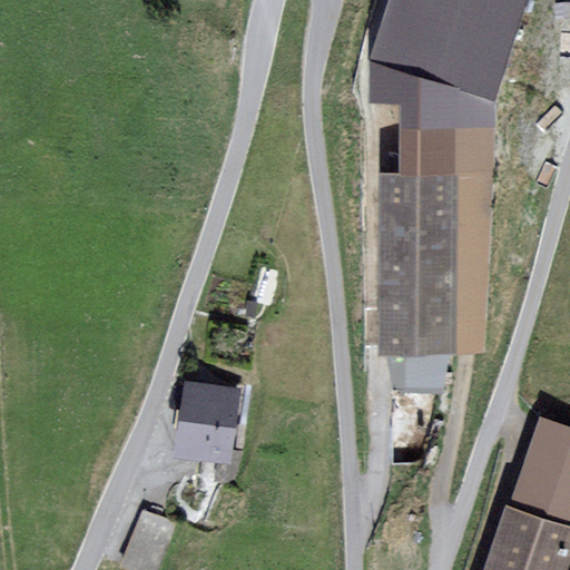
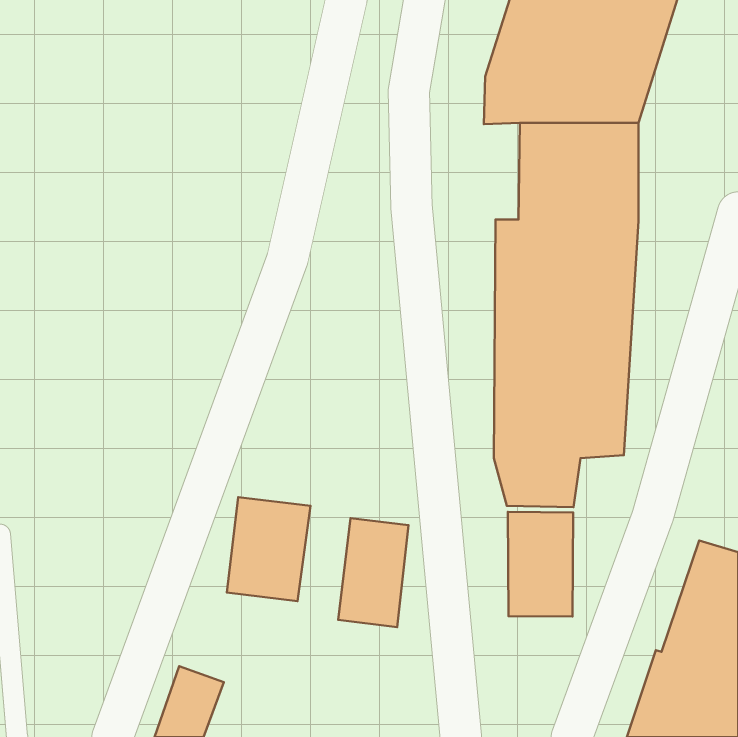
building: none -> [508,512,573,617]
building: none -> [338,518,408,627]

